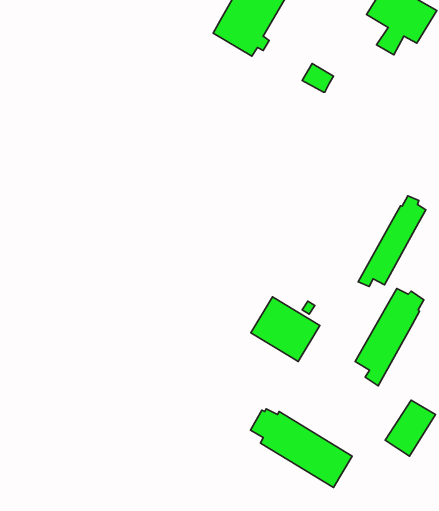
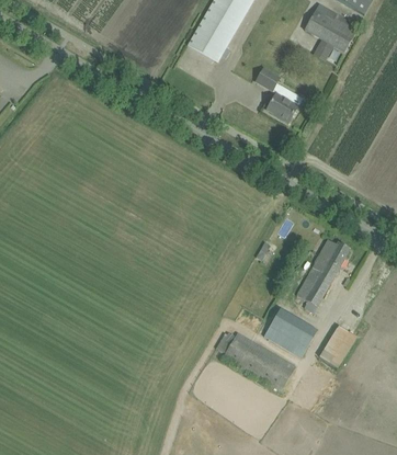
building: none -> [265,82,297,122]
building: [358,196,426,286] -> none
building: [251,297,320,361] -> [263,309,316,359]

